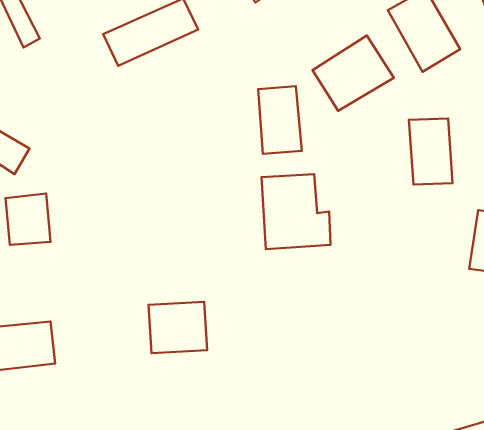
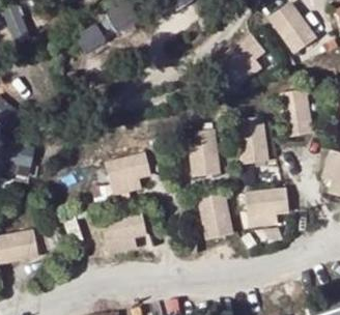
building: [258,86,302,154] -> [239,116,270,163]
building: none -> [108,152,151,192]
building: none -> [240,188,289,223]
building: none -> [198,193,233,239]

